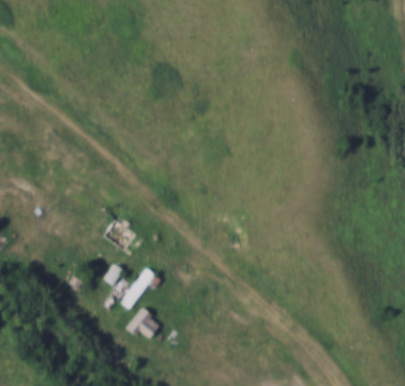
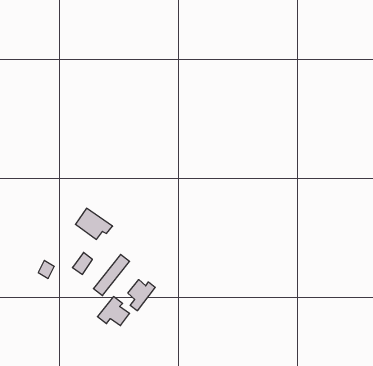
building: none -> [128,280,155,311]

